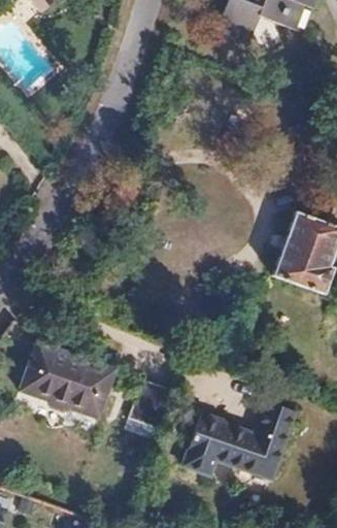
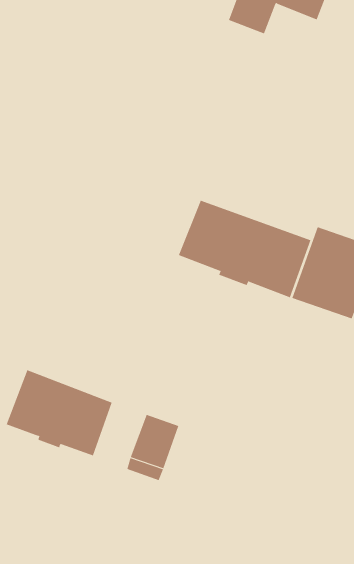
building: none -> [178,200,311,298]
building: [186,403,298,478] -> none

